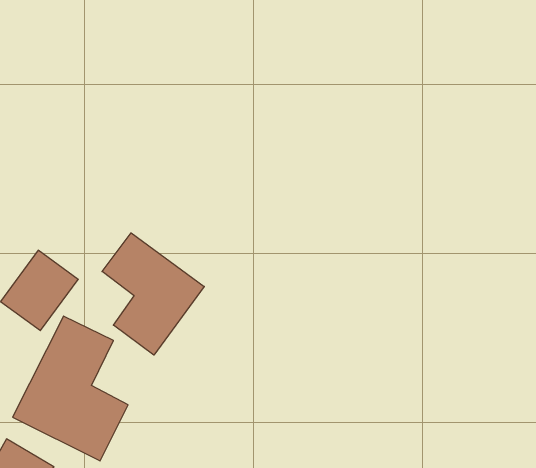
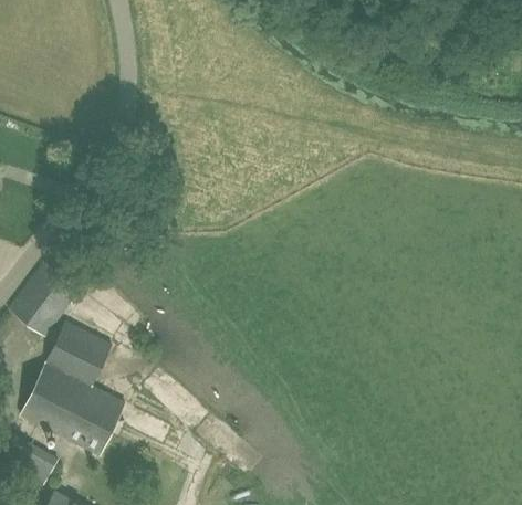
building: [102,233,204,355] -> none

